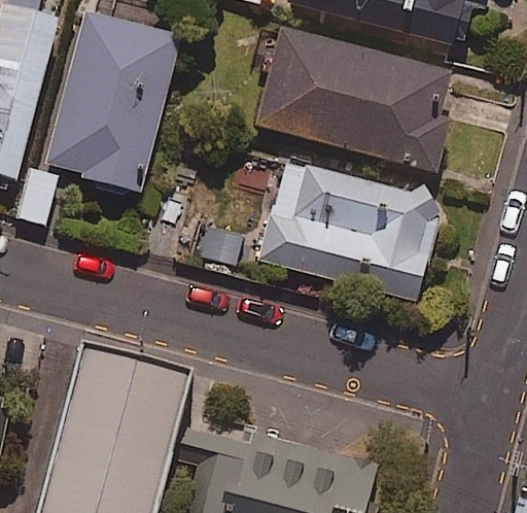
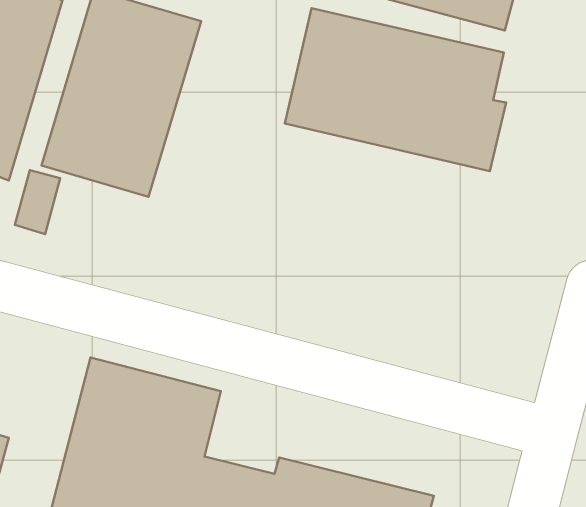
building: [258,156,443,304] -> none

